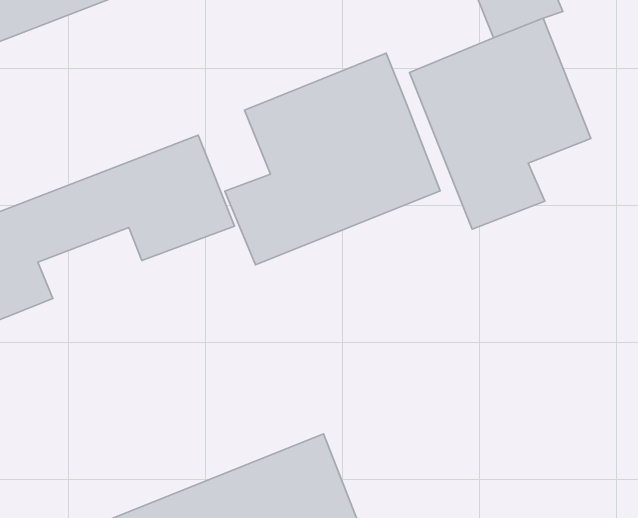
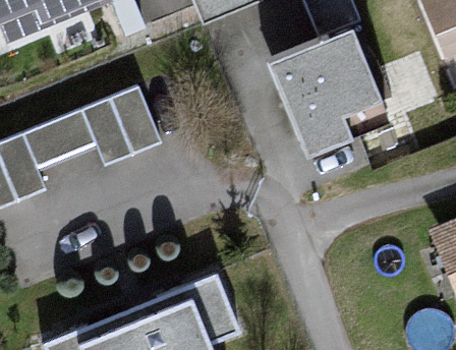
building: [225,53,440,265] -> none

